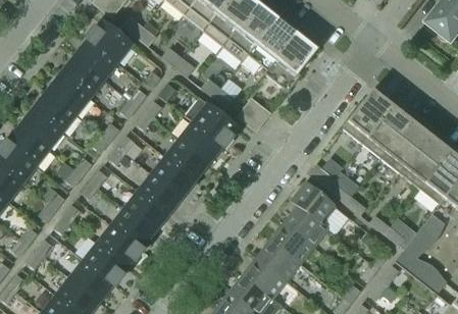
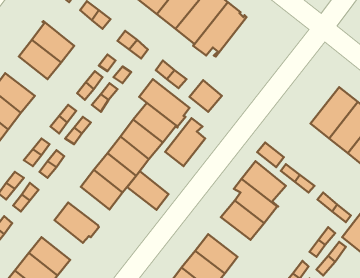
building: [86,20,132,62] -> none
building: [264,33,315,91] -> none
building: [46,73,90,114] -> none
building: [342,90,392,143] -> none
building: none -> [165,118,205,166]
building: [111,208,154,248] -> [127,171,168,210]
building: [256,240,300,280] -> none
building: [84,243,126,285] -> none

